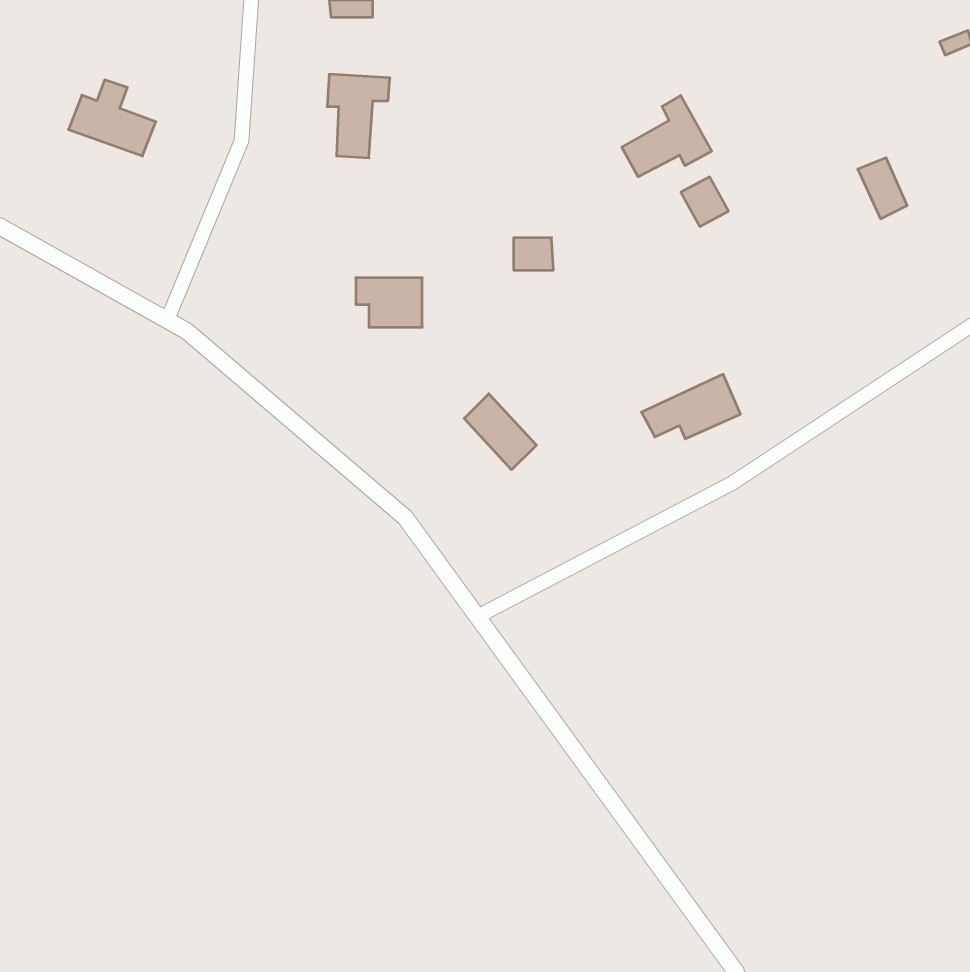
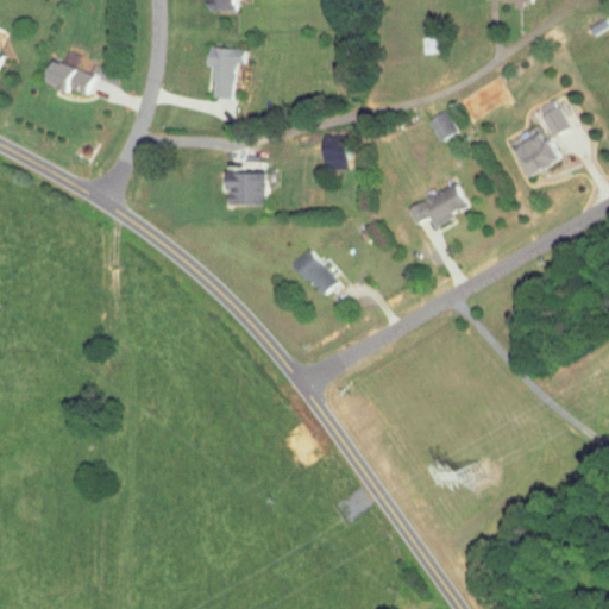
building: [622,95,712,177] -> none
building: none -> [511,127,558,177]
building: [641,374,740,439] -> [407,182,469,222]

